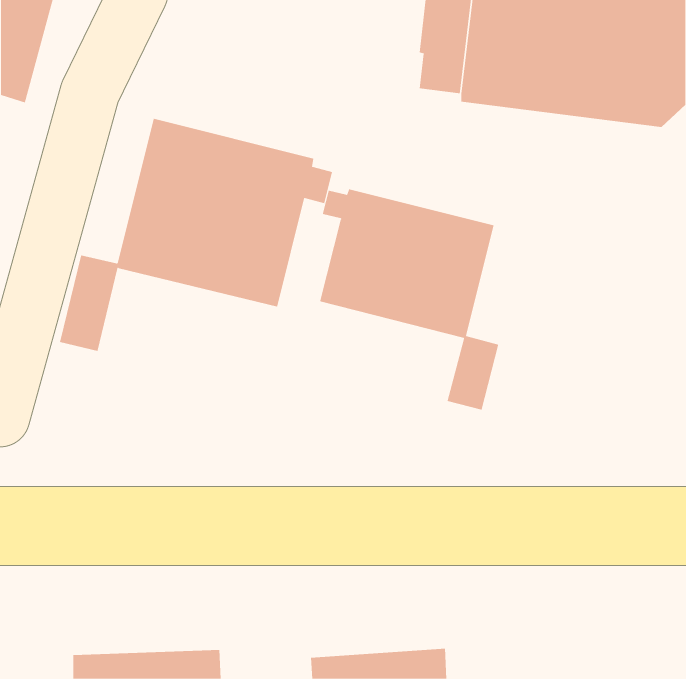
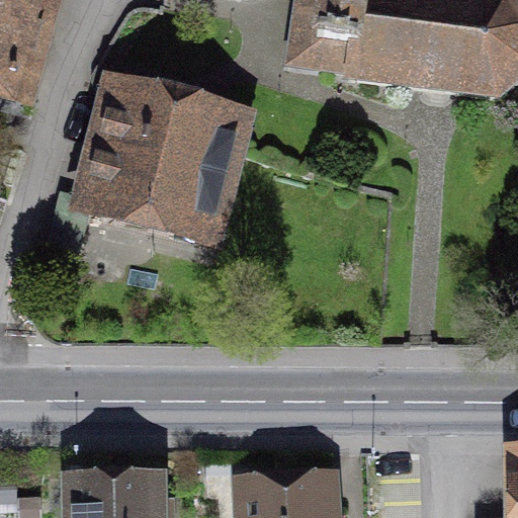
building: [320,188,499,411] -> none

